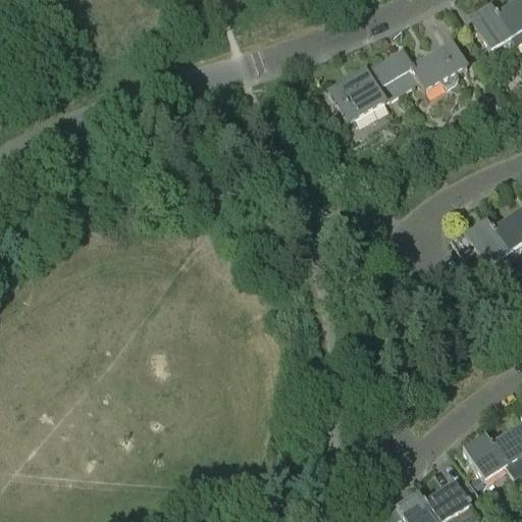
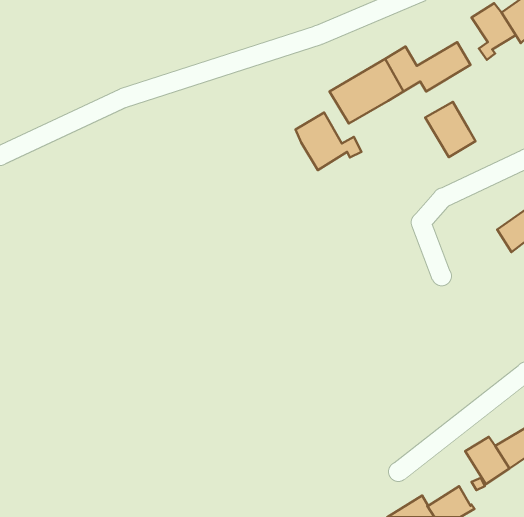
building: none -> [425,102,475,157]
building: none -> [295,113,361,170]
building: [465,217,509,275] -> none

